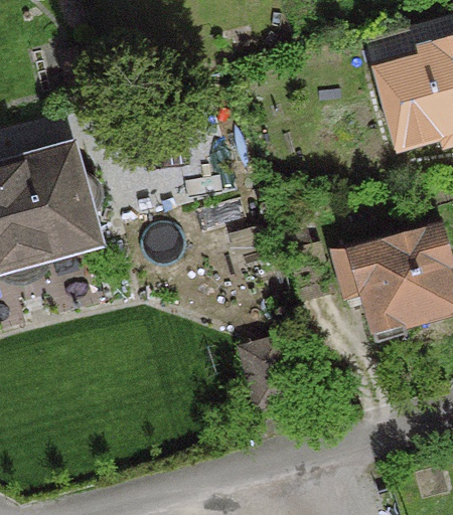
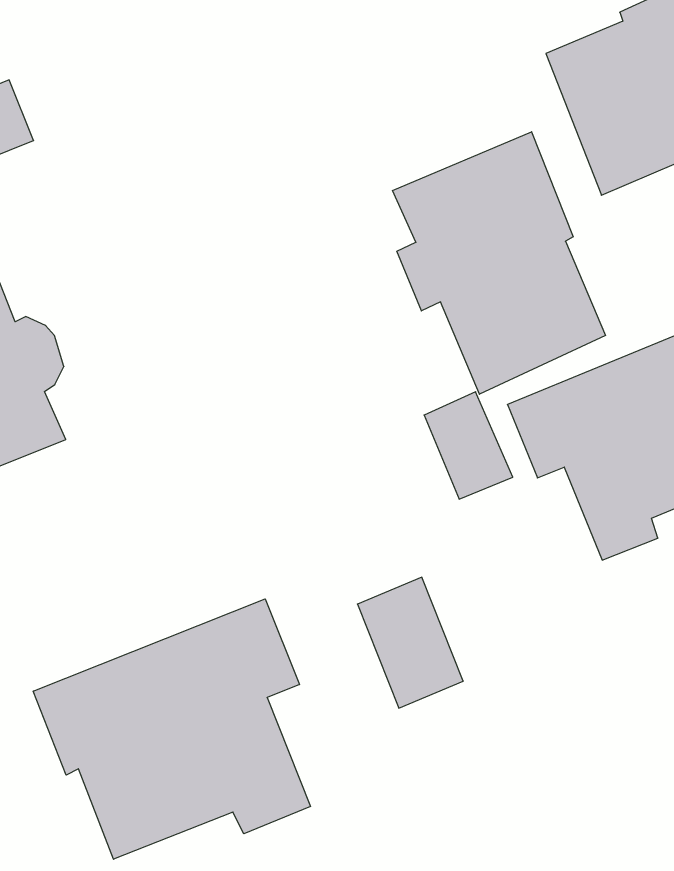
building: none -> [393,132,606,394]
building: none -> [33,599,311,859]

